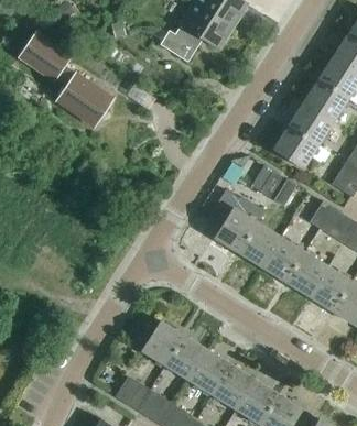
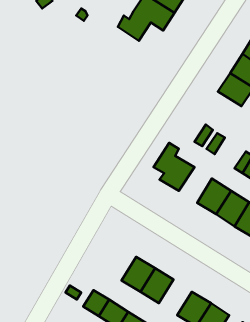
building: [21,34,111,124] -> none
building: [272,125,317,168] -> none
building: [238,221,280,266] -> none
building: [141,319,184,364] -> none
building: [213,363,255,408] -> none

